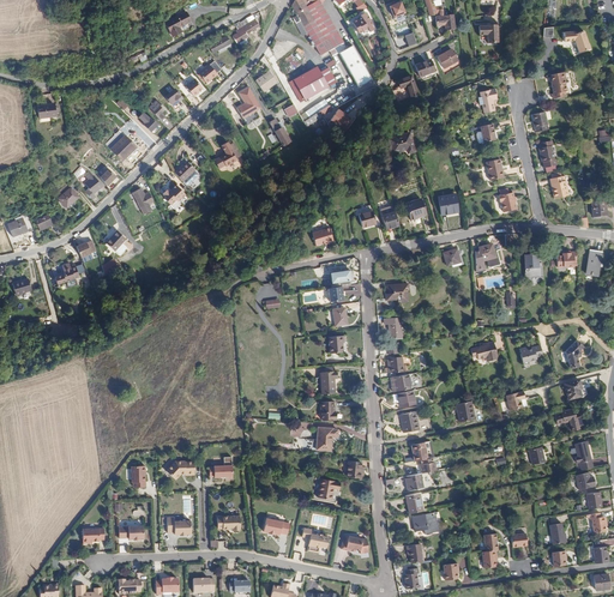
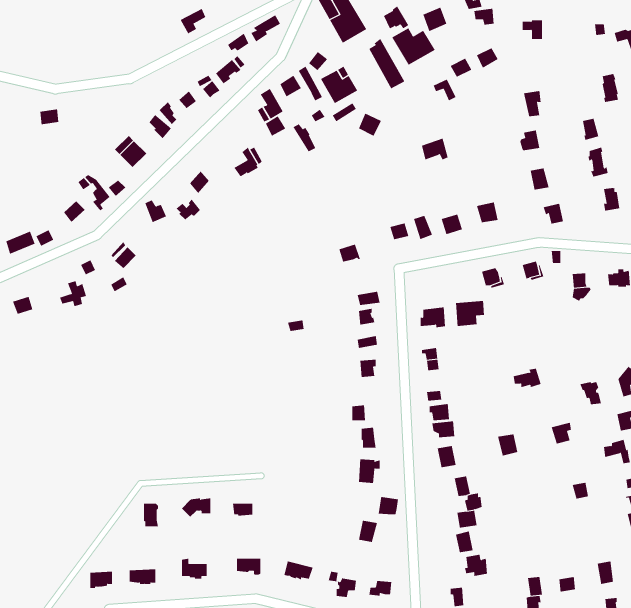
building: none -> [392,28,435,66]
building: none -> [455,300,484,327]

